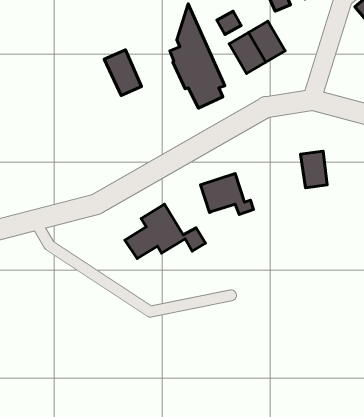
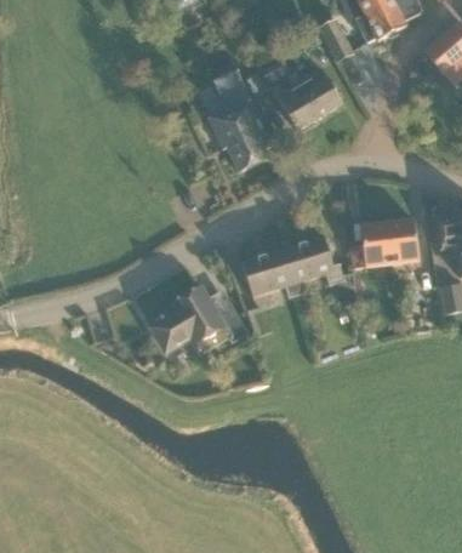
building: [104,50,142,95] -> none
building: none -> [386,217,417,261]
building: none -> [281,235,355,304]

